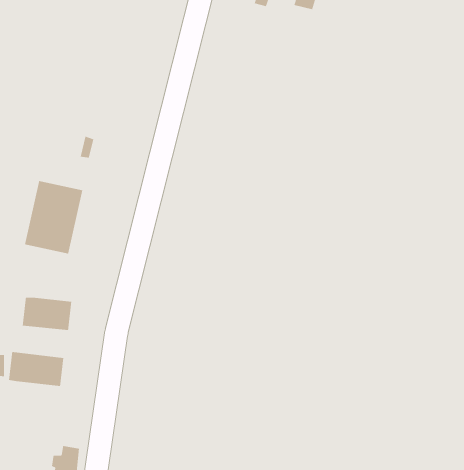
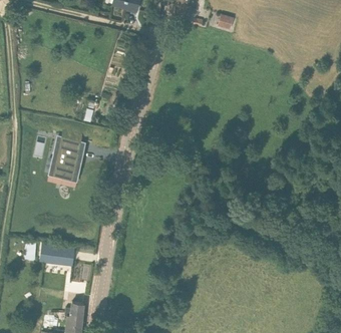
building: [22,297,72,331] -> none

